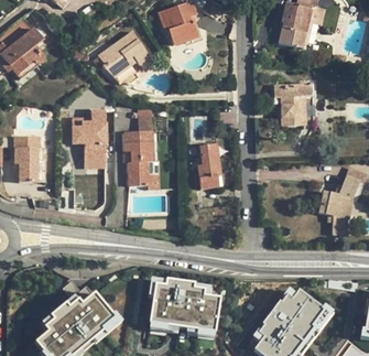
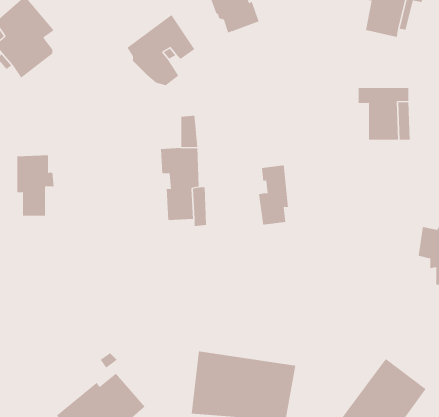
building: [75,117,110,159] -> none

